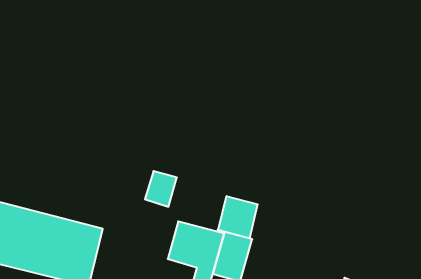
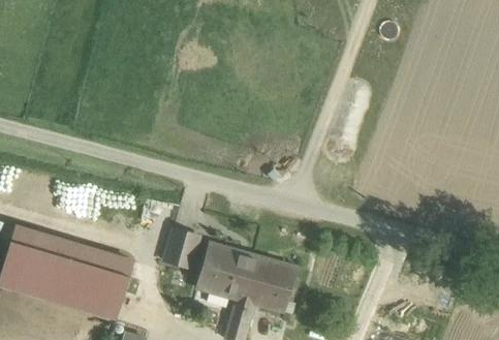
building: [145,171,177,207] -> [164,228,199,268]
building: [218,196,258,238] -> none

